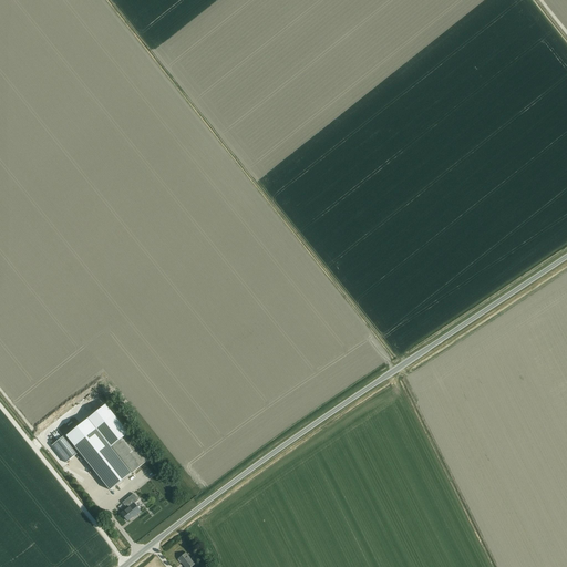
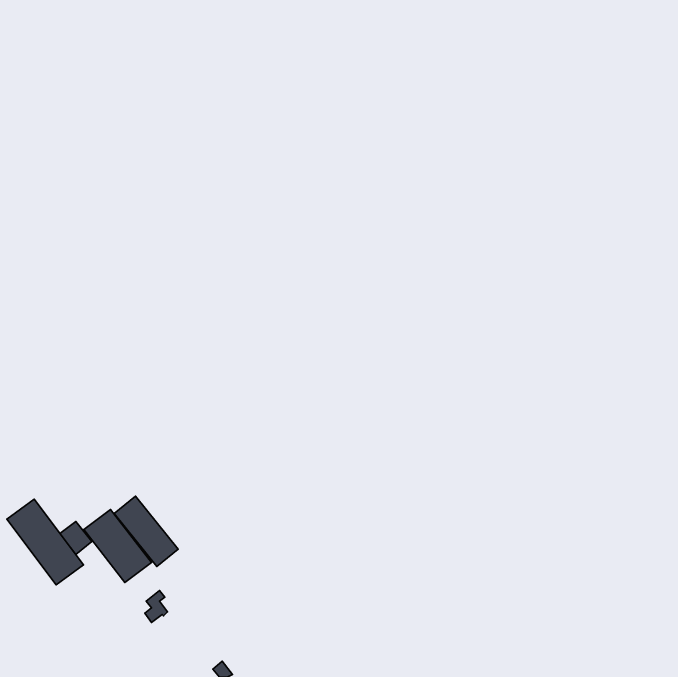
building: none -> [7,499,83,585]

